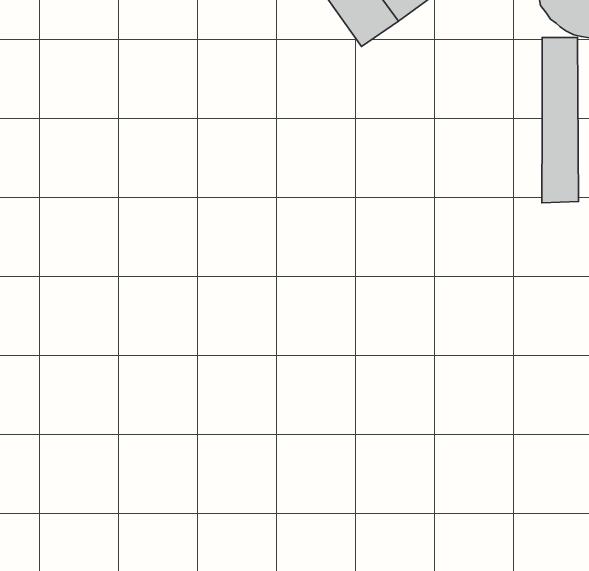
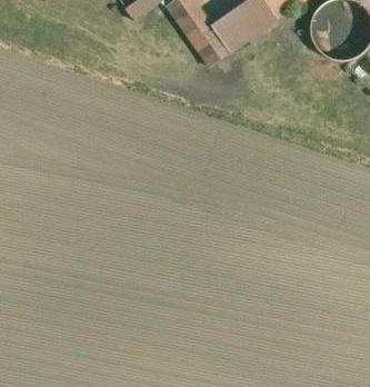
building: [542,38,579,203] -> none

